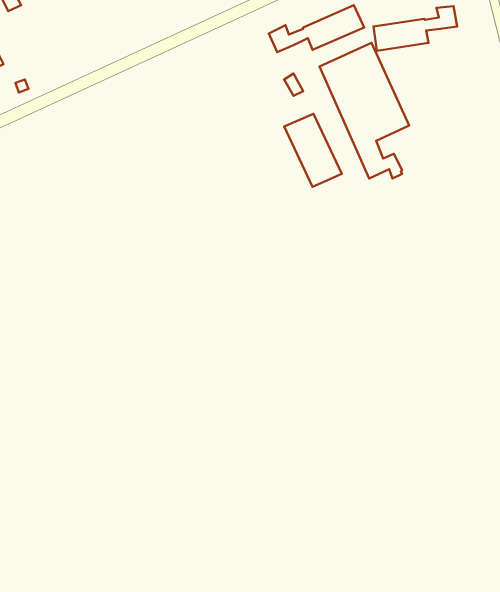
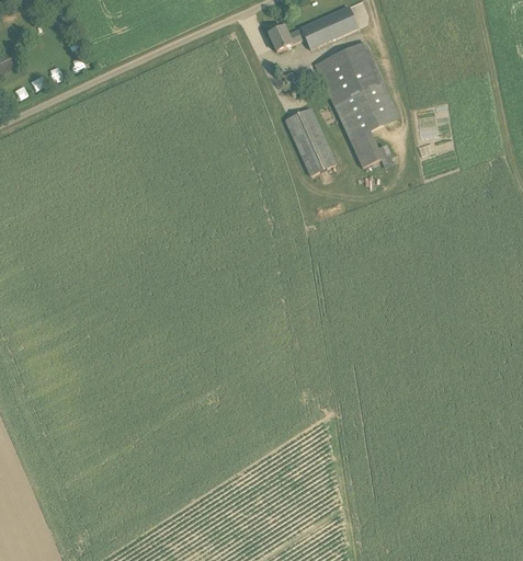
building: [373,6,457,51] -> none

